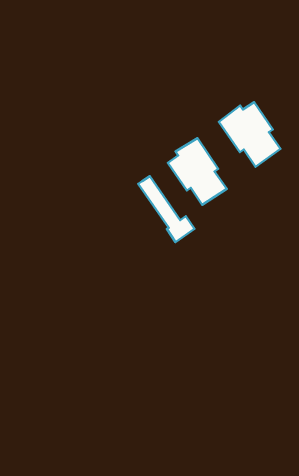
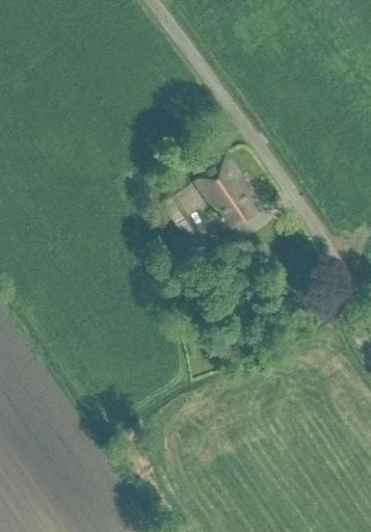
building: [219,102,280,167] -> none

